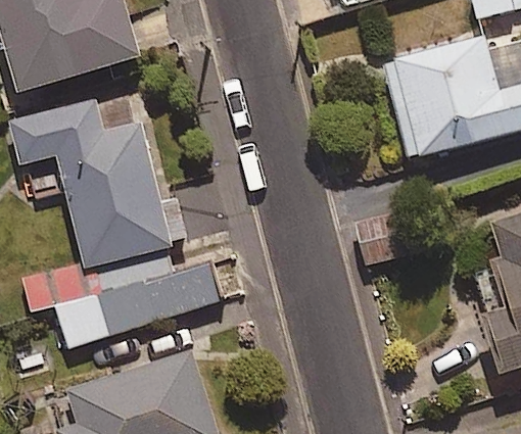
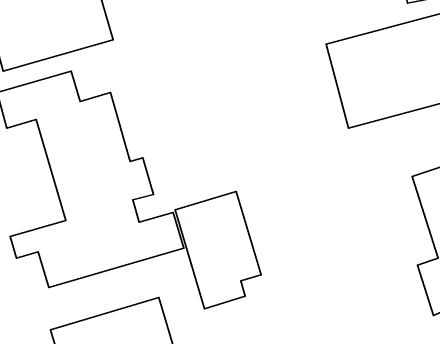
building: none -> [175,192,261,309]

